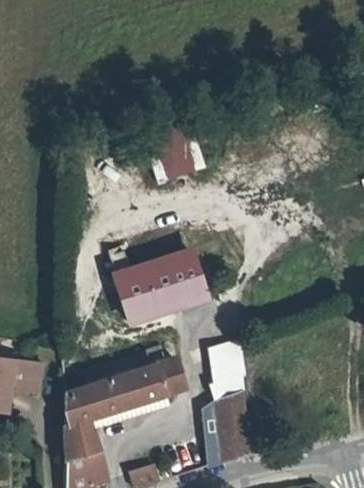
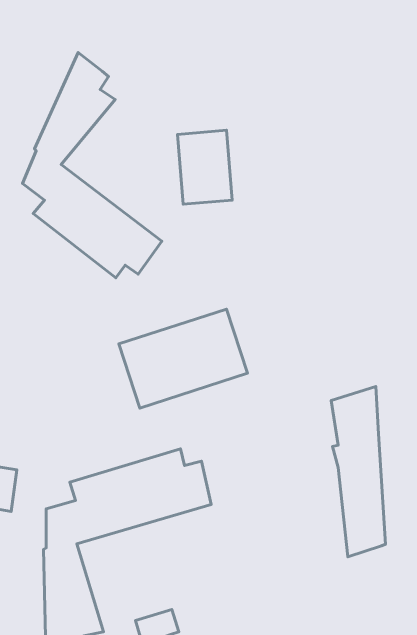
building: none -> [22,53,162,278]
building: [210,341,249,463] -> [331,386,386,557]

